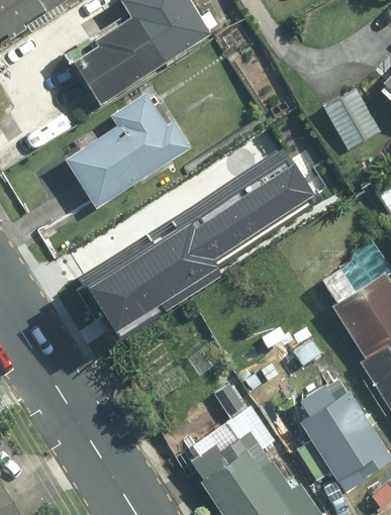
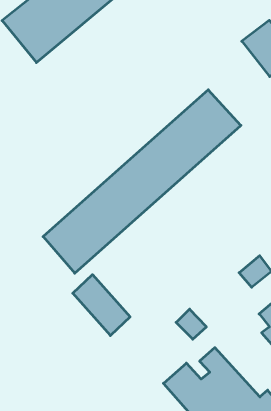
building: [67,93,191,205] -> none
building: none -> [73,275,130,336]

